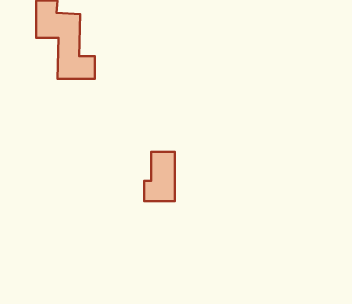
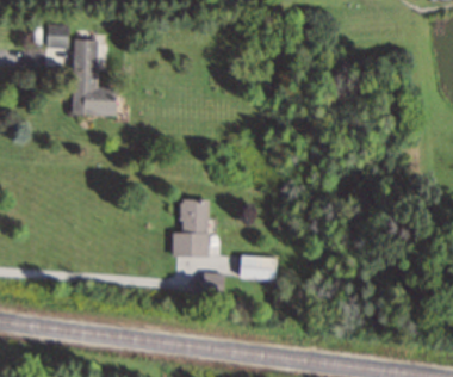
building: none -> [240,257,277,279]

